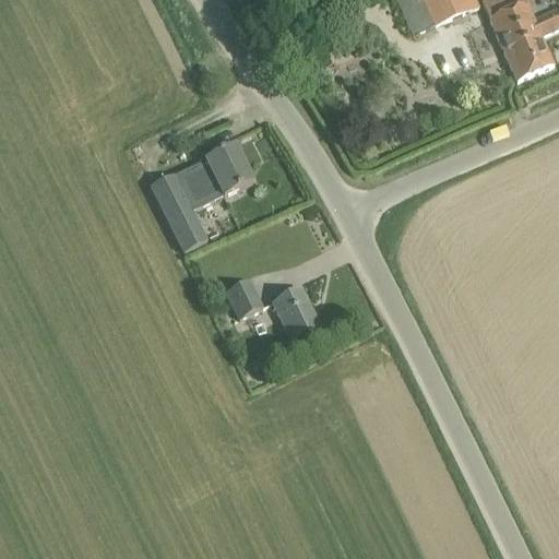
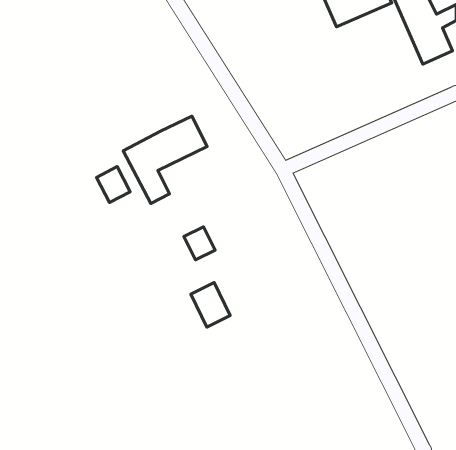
building: none -> [96,167,130,203]
building: [273,285,321,340] -> [191,283,230,327]

